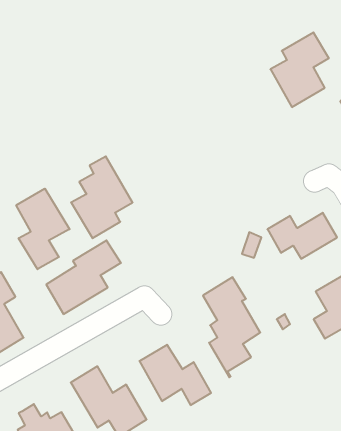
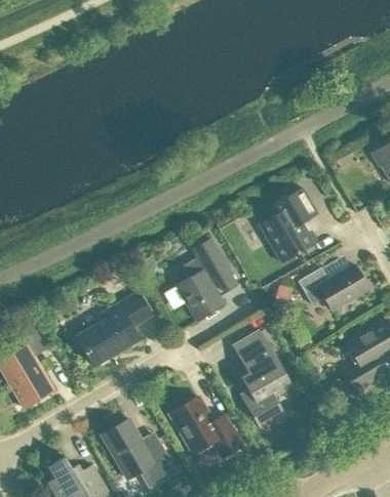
building: [270,32,329,107] -> [260,188,318,262]
building: [71,156,133,238] -> [176,239,237,321]
building: [16,189,70,269] -> none

